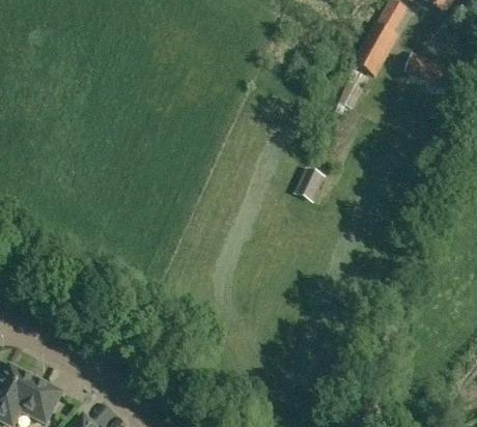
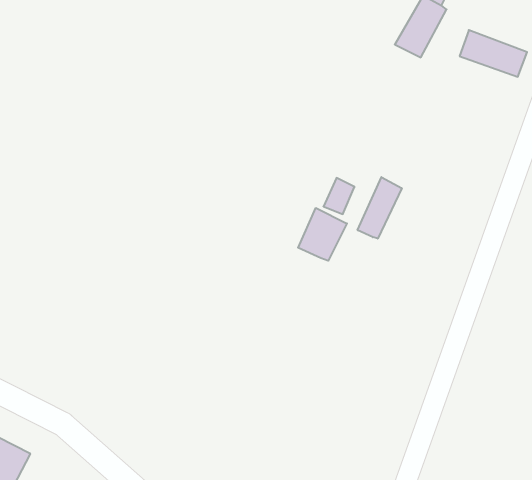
building: none -> [358,177,402,239]
building: none -> [298,208,347,261]

